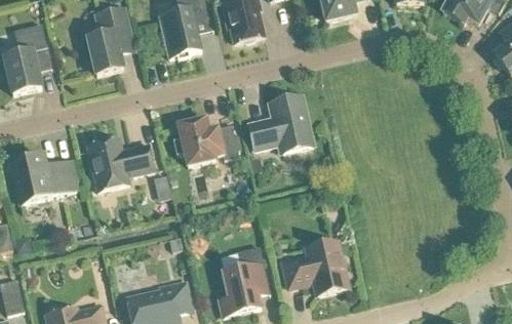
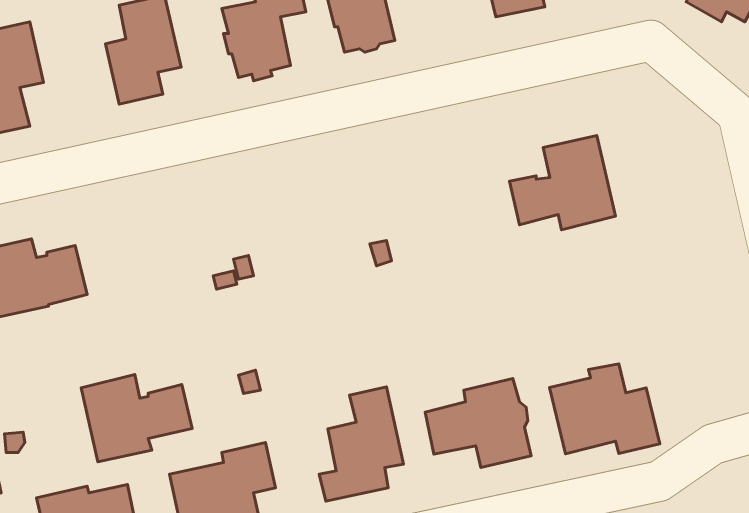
building: [248,94,313,152] -> [509,136,615,230]
building: [173,117,239,164] -> none
building: [87,136,155,190] -> [81,375,192,462]
building: none -> [550,364,660,454]

